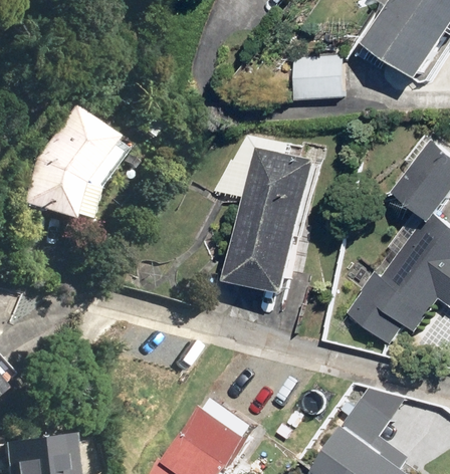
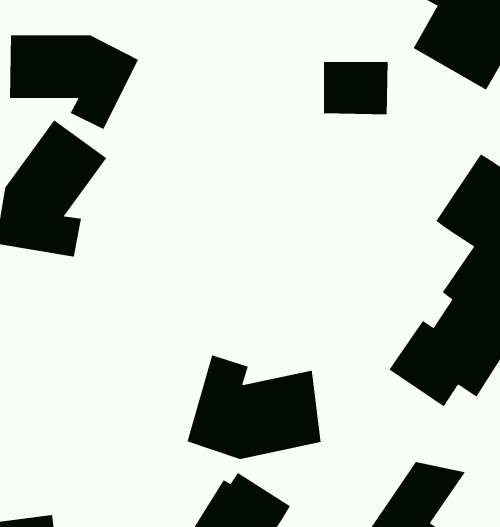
building: none -> [9,35,139,130]
building: [207,134,313,293] -> none
building: none -> [187,355,321,460]

